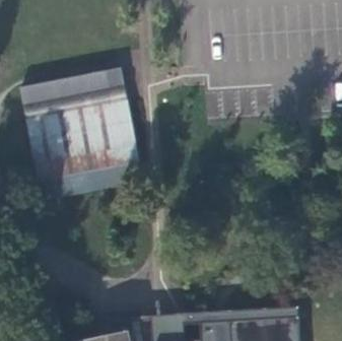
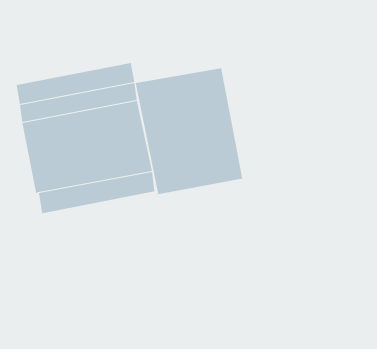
building: none -> [135,67,243,195]

